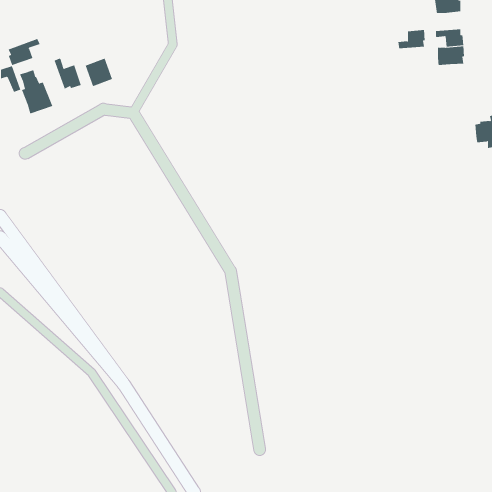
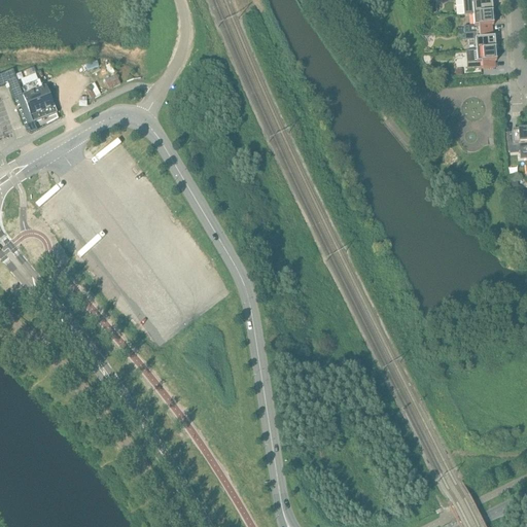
building: [398,29,426,49] -> [464,12,494,33]
building: [8,38,40,66] -> none
building: [54,58,81,89] -> none

